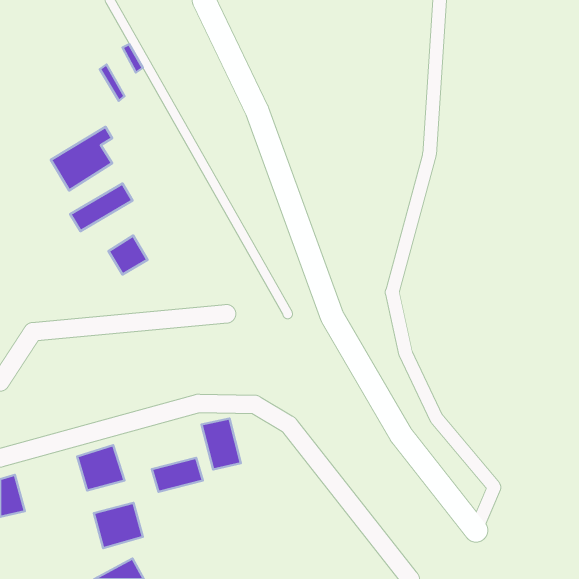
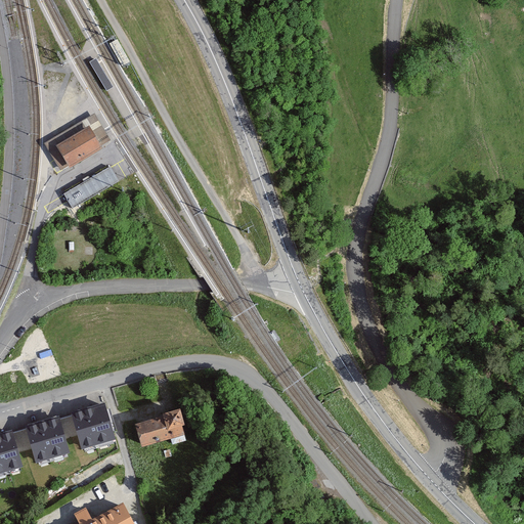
building: [108,235,147,275] -> none
building: [202,418,241,469] -> none
building: [94,503,143,548] -> [26,417,70,457]

